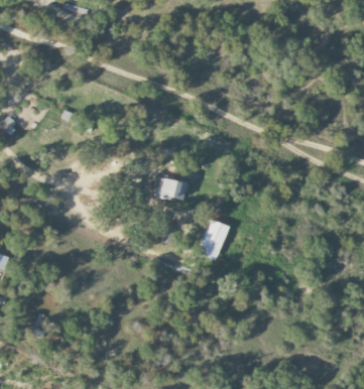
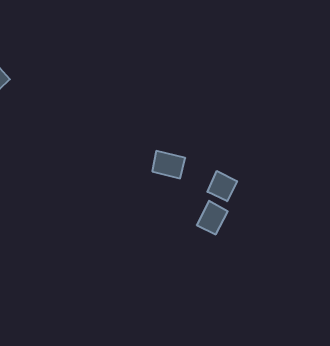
building: none -> [207,171,237,201]

